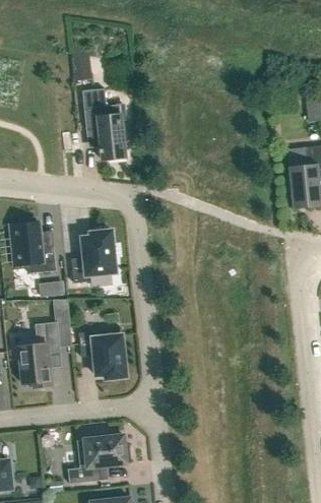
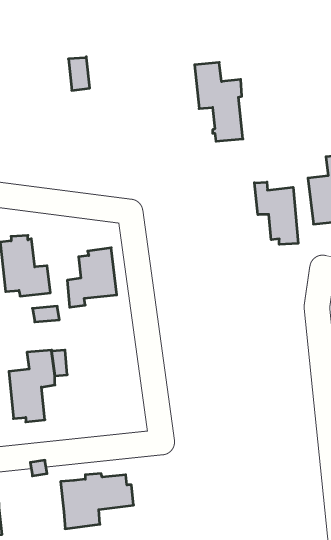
building: [82,88,126,160] -> [195,62,243,141]
building: none -> [254,182,298,244]
building: [79,328,126,379] -> none

